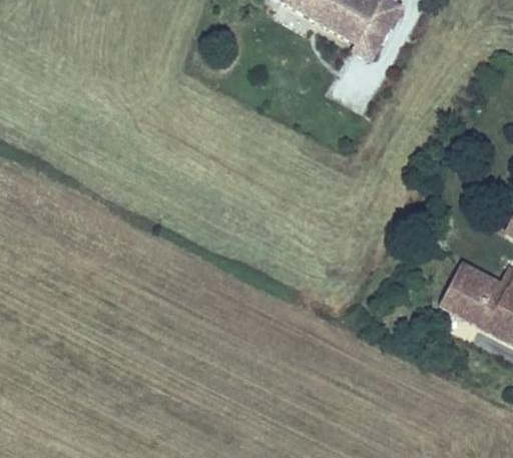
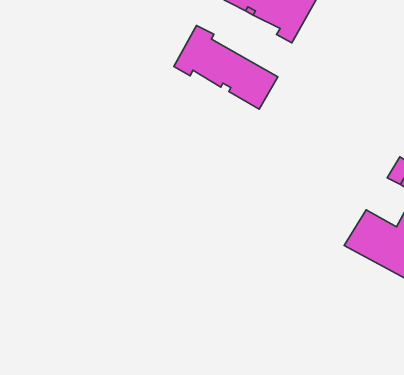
building: none -> [174,25,278,109]

